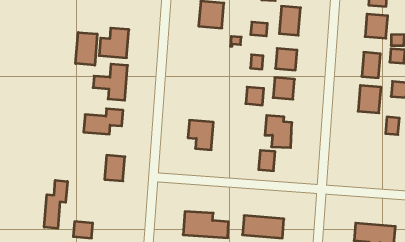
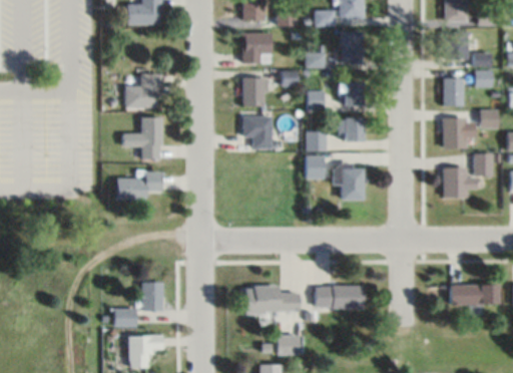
building: [76,32,97,65] -> none
building: none -> [243,77,268,108]
building: [188,120,213,150] -> [243,116,273,149]
building: none -> [444,167,477,199]
building: [259,150,275,171] -> [307,156,325,179]
building: [105,155,125,181] -> [141,283,163,312]
building: [44,180,67,228] -> none

